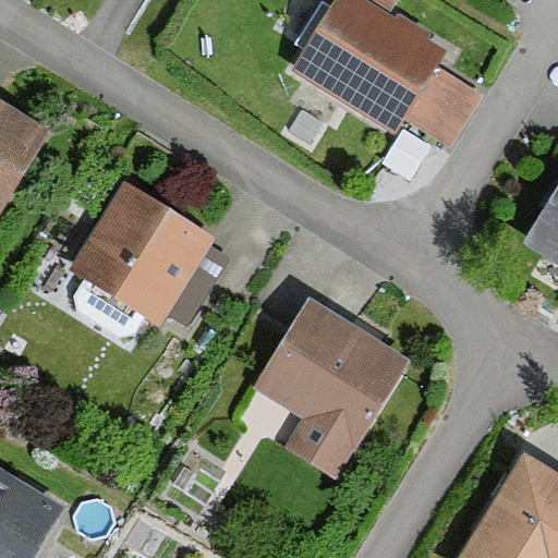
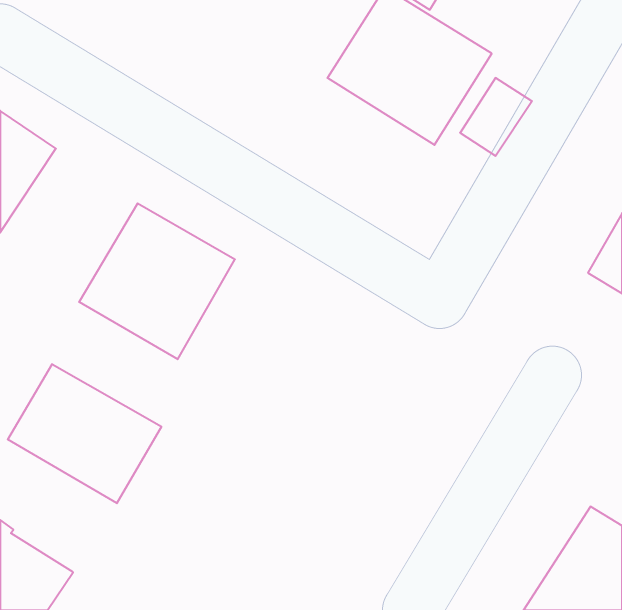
building: [256,303,407,478] -> none
building: none -> [8,364,161,503]

